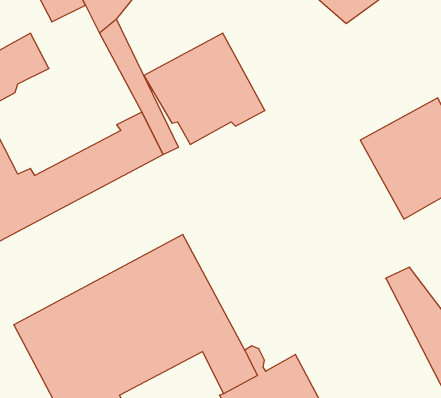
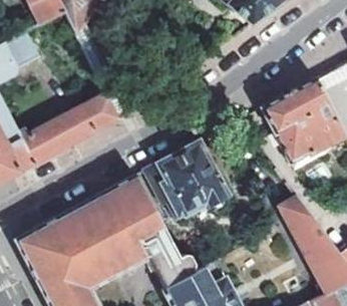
building: [144,33,265,144] -> [141,140,228,220]

